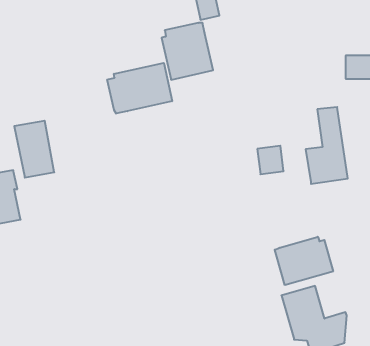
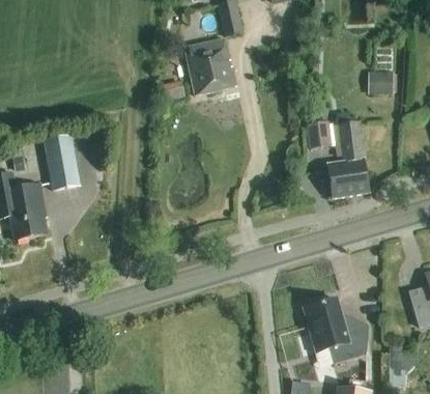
building: [107,63,172,114] -> none
building: [257,146,284,174] -> [307,120,333,148]
building: [275,237,333,285] -> none

